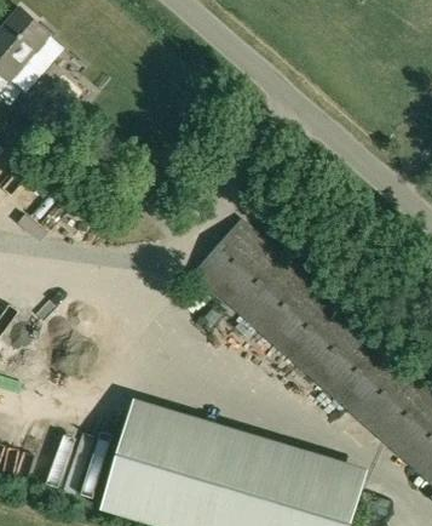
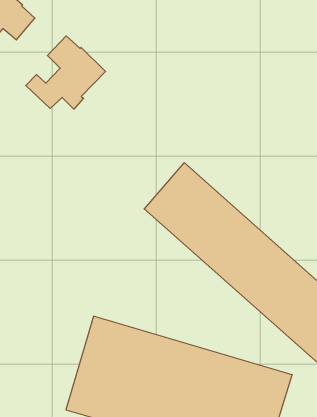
building: none -> [26,36,106,109]

